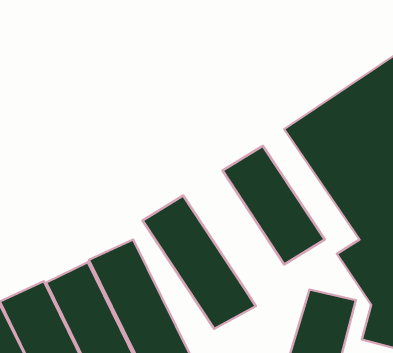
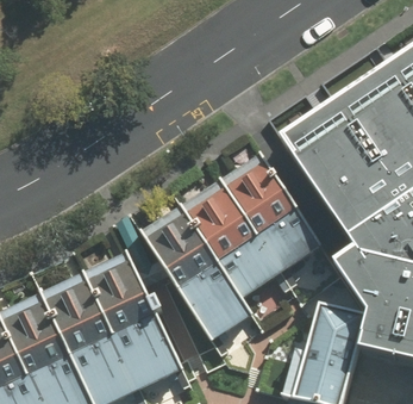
building: none -> [184,179,286,298]

